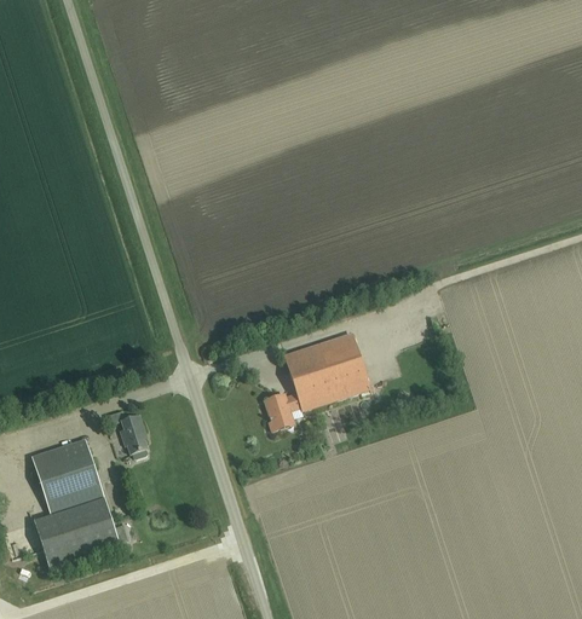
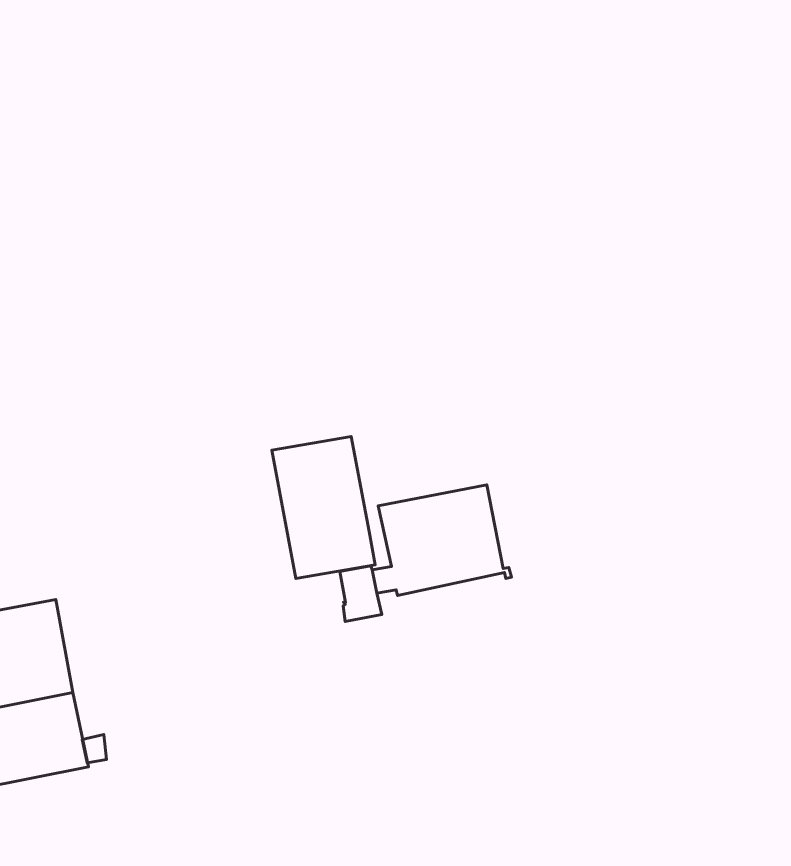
building: none -> [272,436,375,579]
building: [120,413,148,458] -> none

